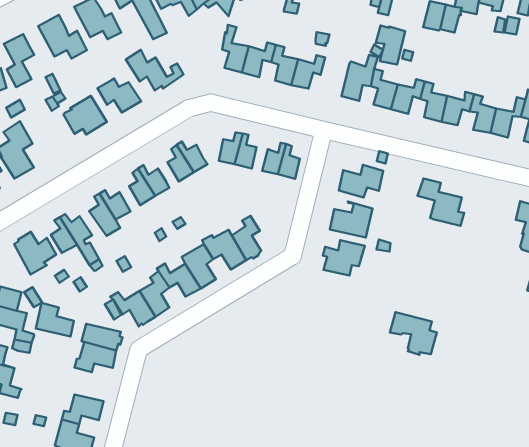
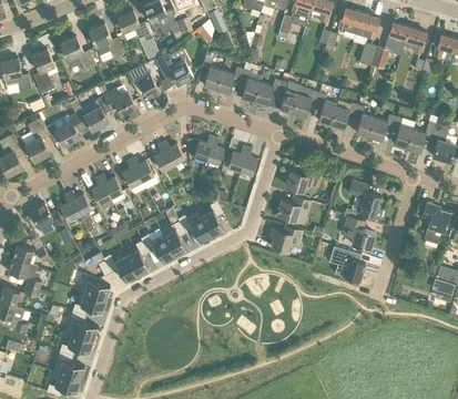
building: none -> [155,49,193,88]
building: [376,26,405,65] -> [277,81,301,112]
building: none -> [52,113,83,145]
building: none -> [342,215,375,249]
building: [36,303,74,337] -> [67,310,96,338]
building: [390,312,437,355] -> [329,245,366,279]

